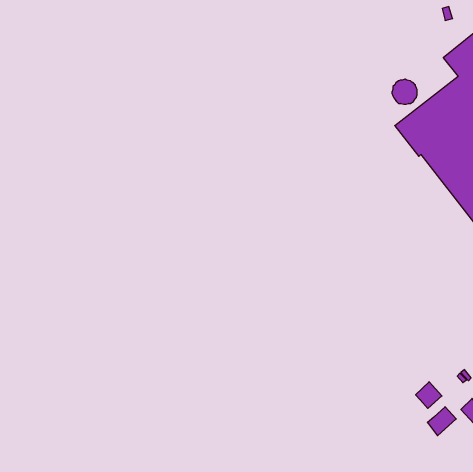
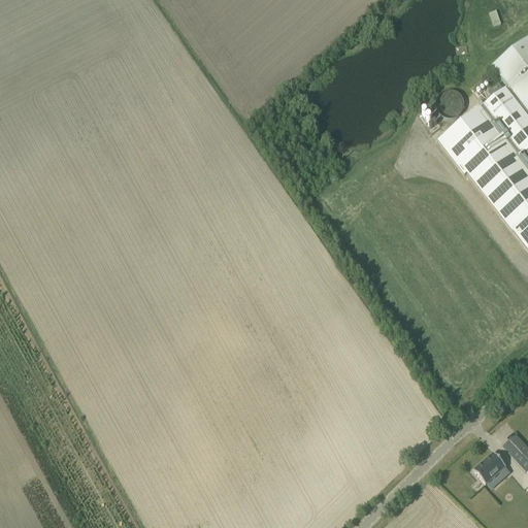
building: [416,382,442,408] -> none

